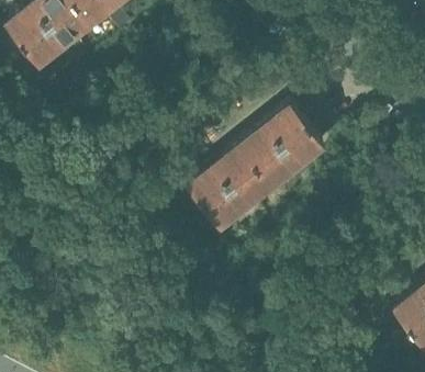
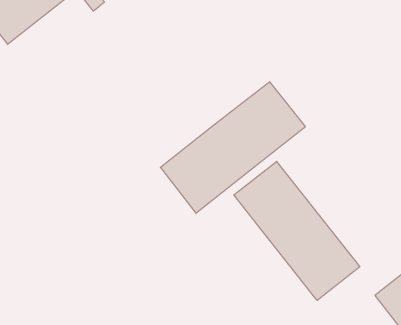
building: none -> [234,161,360,300]

